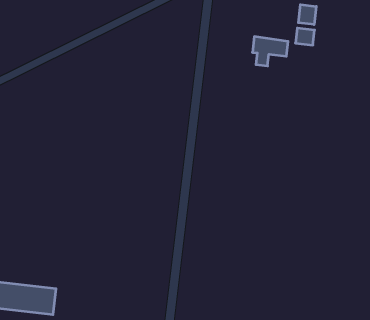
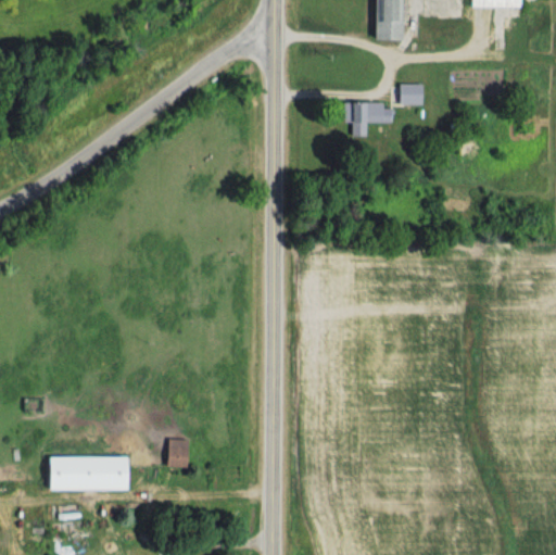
building: [298,5,316,25] -> none
building: none -> [169,439,189,467]

